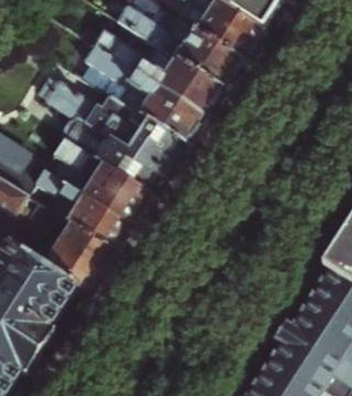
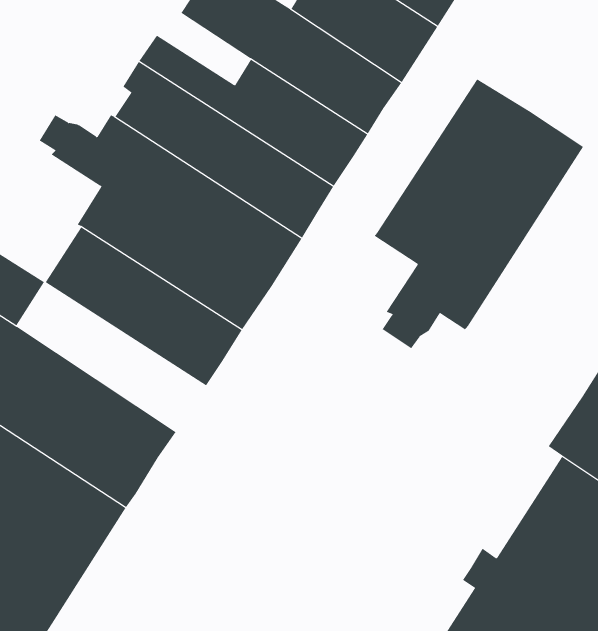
building: none -> [374,78,584,349]
building: [27,168,132,251] -> none

